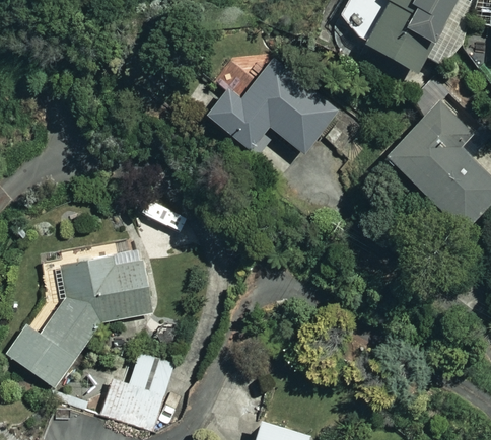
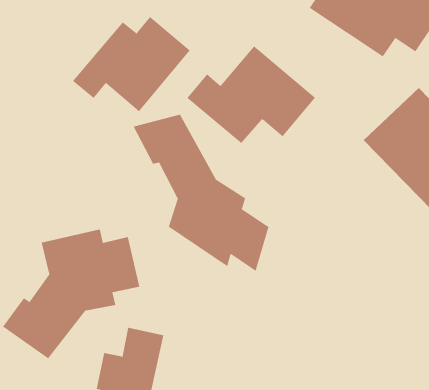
building: none -> [72,16,191,112]
building: none -> [133,114,269,272]

